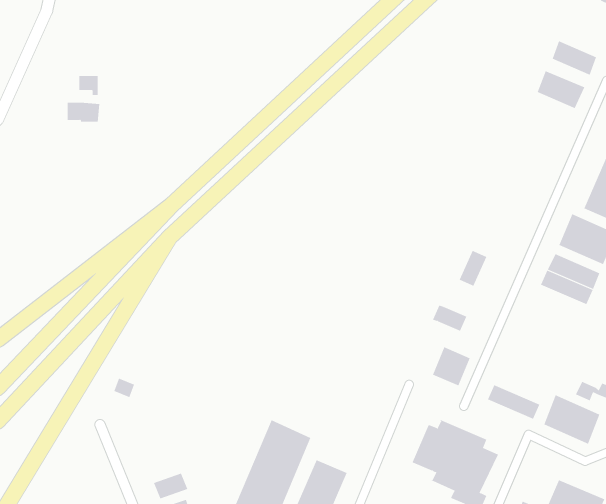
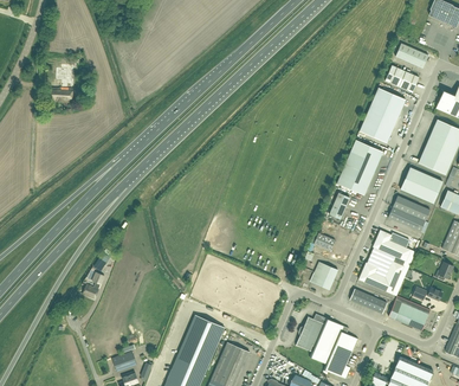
building: none -> [358,88,405,143]
building: none -> [336,140,382,195]
building: none -> [358,230,410,294]

